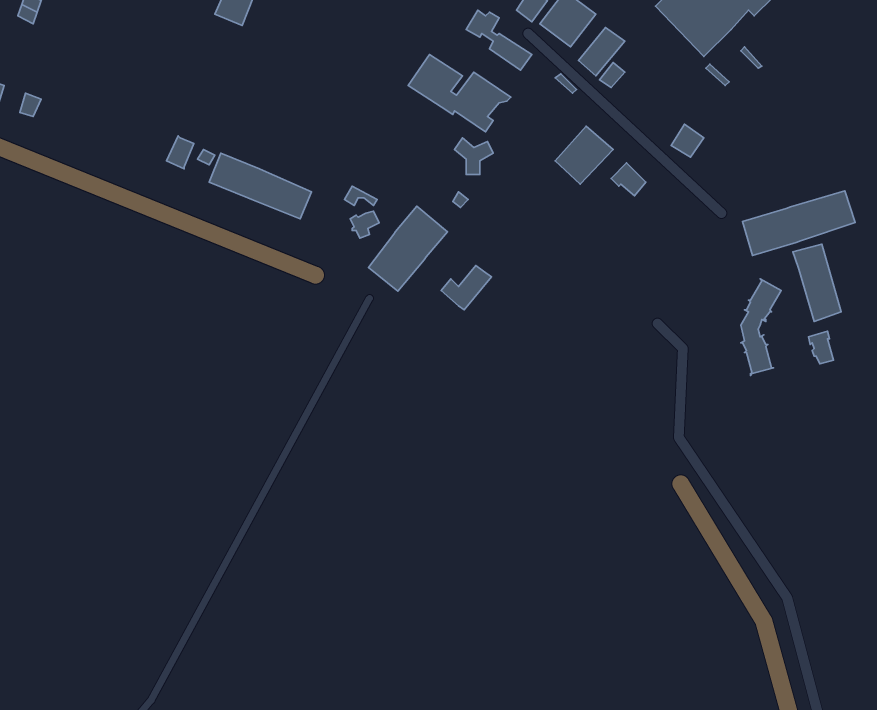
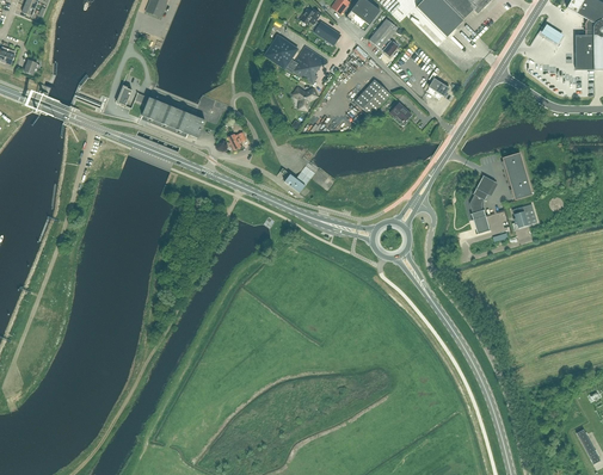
building: [743,191,855,255] -> none
building: [369,206,447,291] -> none

